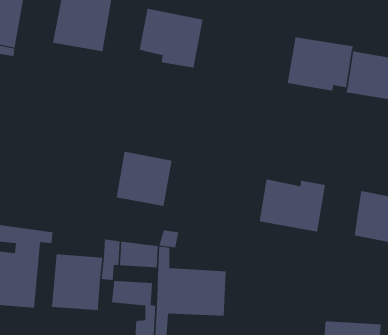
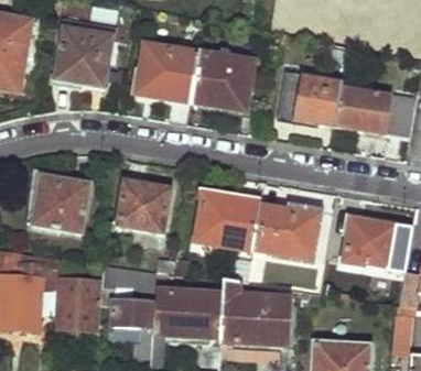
building: none -> [192,51,255,110]
building: none -> [34,175,90,232]
building: none -> [196,194,261,250]
building: none -> [220,280,285,342]

